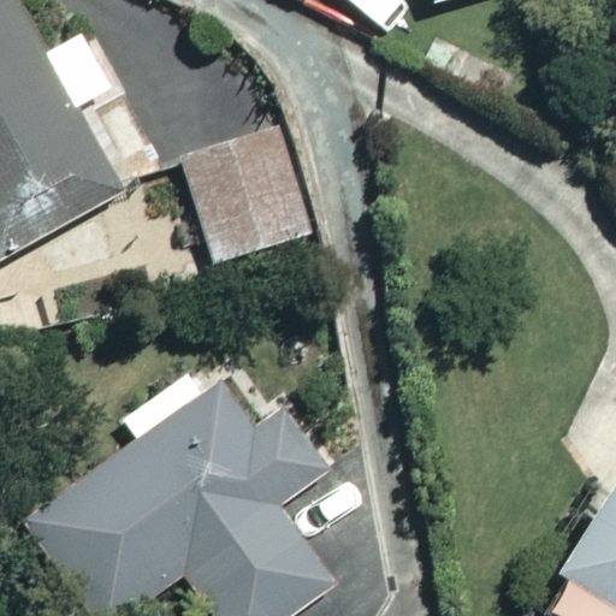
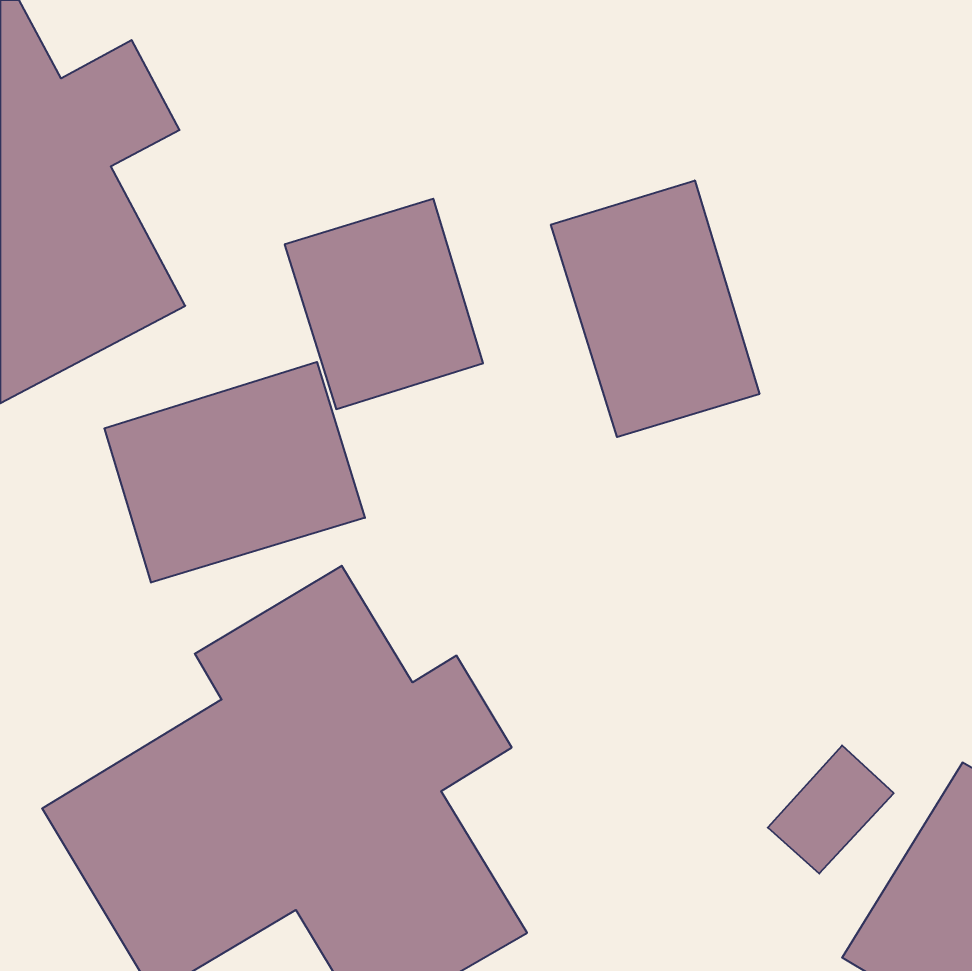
building: none -> [551,180,759,437]
building: none -> [104,362,365,583]

